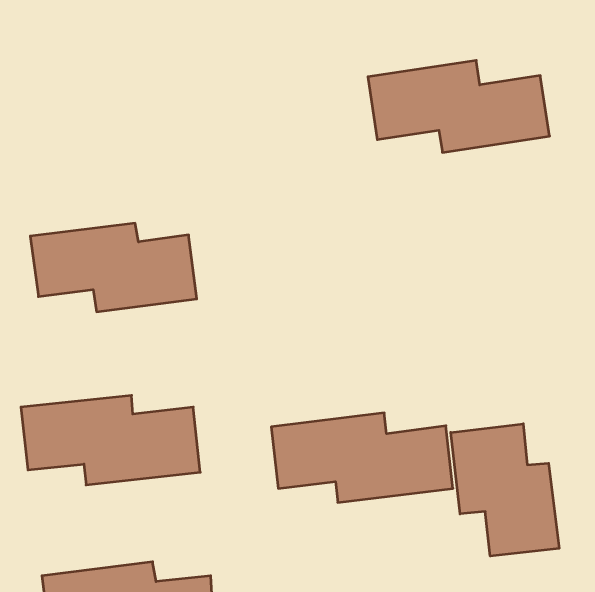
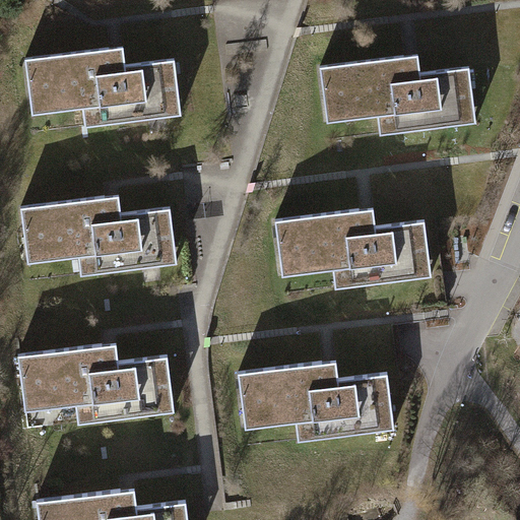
building: none -> [23,46,179,128]
building: none -> [272,209,434,287]
building: [451,424,559,556] -> none

